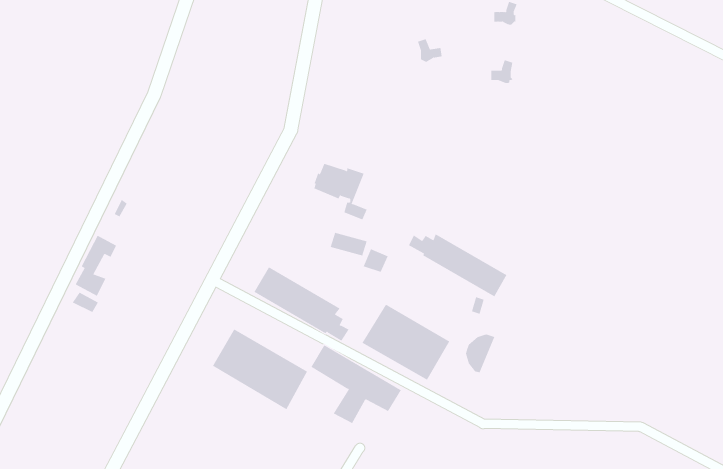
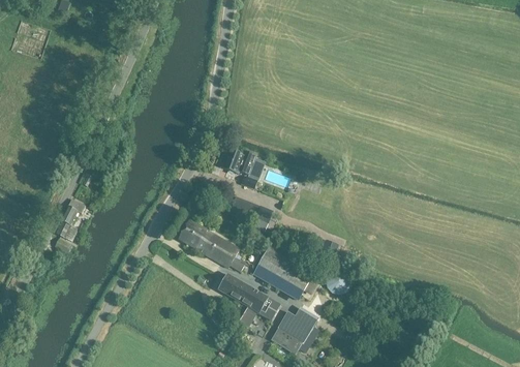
building: [408,233,507,297] -> none
building: [212,329,308,410] -> none
building: none -> [272,307,317,351]

